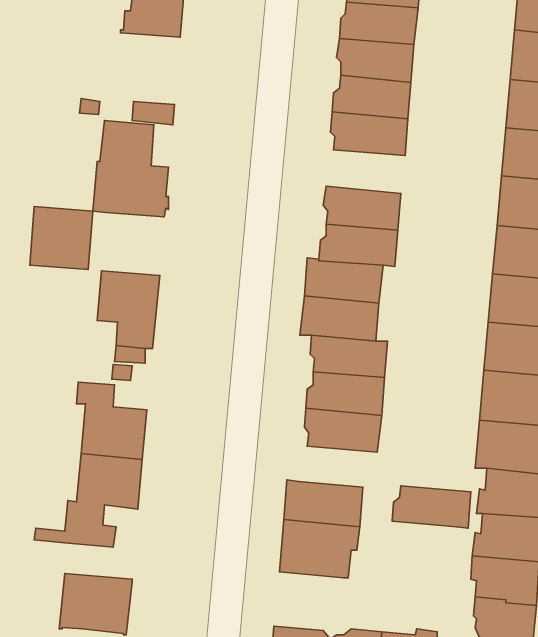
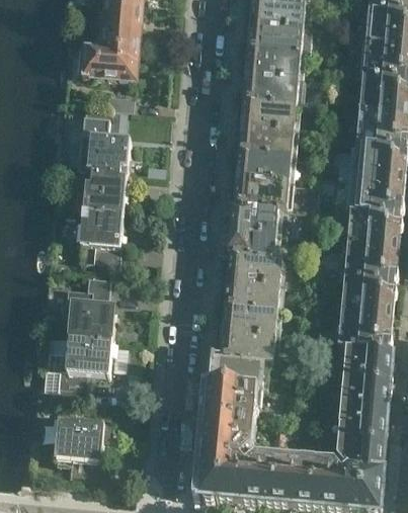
building: none -> [77,40,138,77]
building: none -> [239,123,294,154]
building: [30,207,93,269] -> [83,167,127,210]
building: [392,486,471,528] -> [220,329,274,358]
building: none -> [202,416,251,456]

